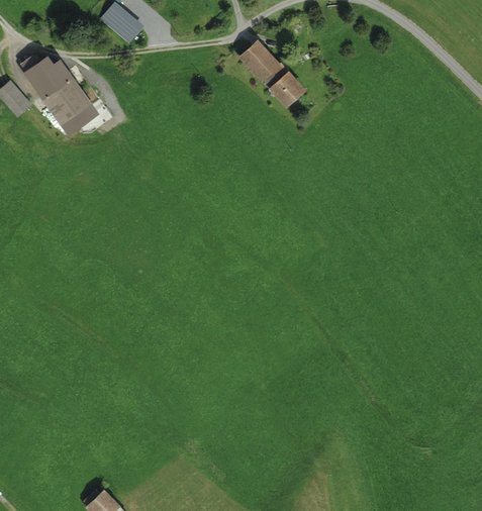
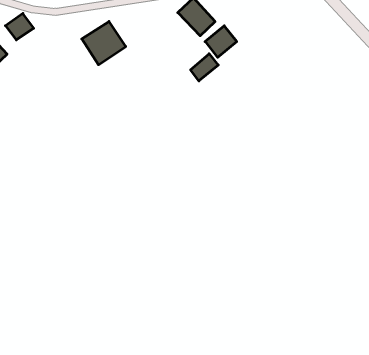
building: [41,76,95,128] -> [82,21,126,65]
building: none -> [191,54,218,81]

